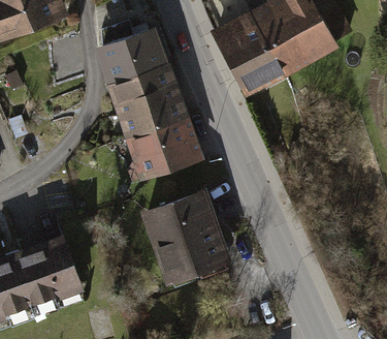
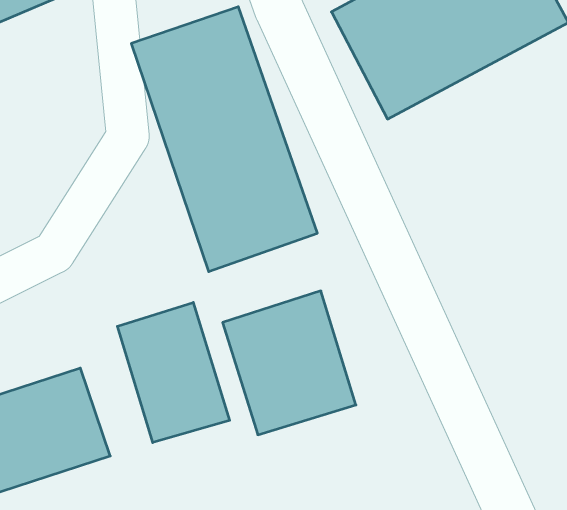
building: none -> [117,302,230,443]

